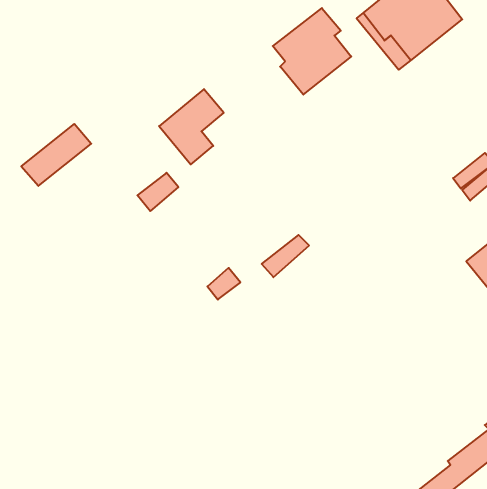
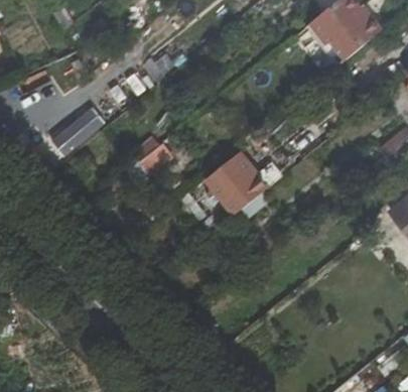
building: [273,8,351,95] -> none
building: [159,89,224,164] -> [206,152,255,210]

